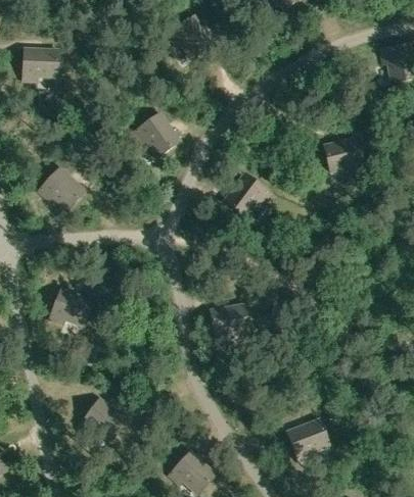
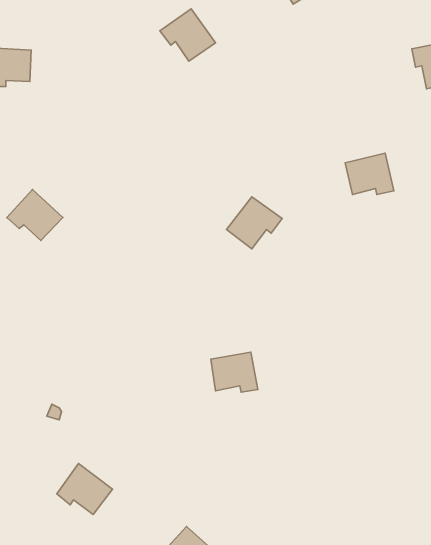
building: [133,112,180,157] -> none
building: [49,289,93,326] -> none
building: [286,418,328,461] -> none

